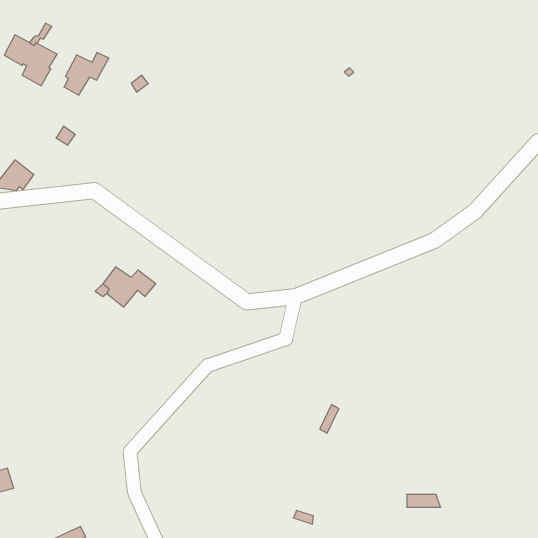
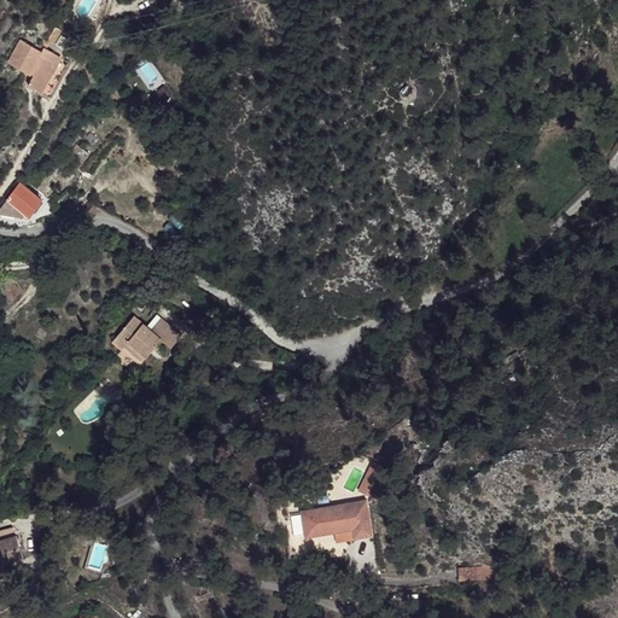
building: [64,52,109,95] -> none
building: none -> [308,506,377,538]

